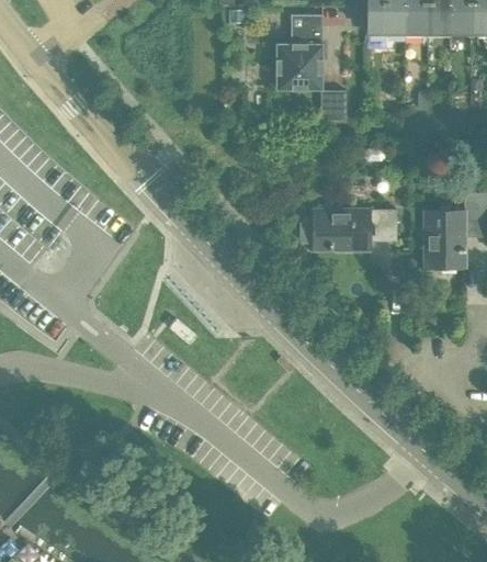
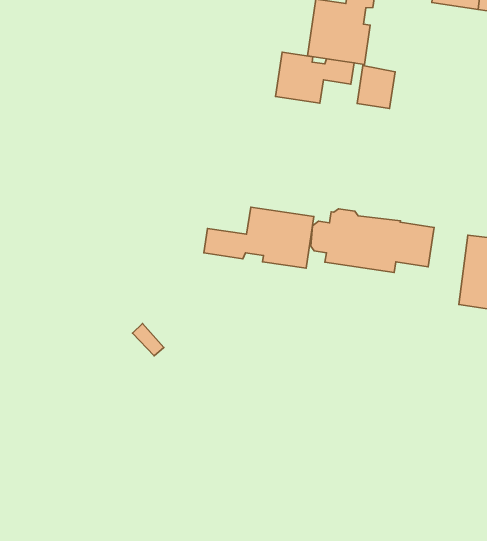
building: none -> [276,52,354,103]
building: none -> [204,207,314,268]

